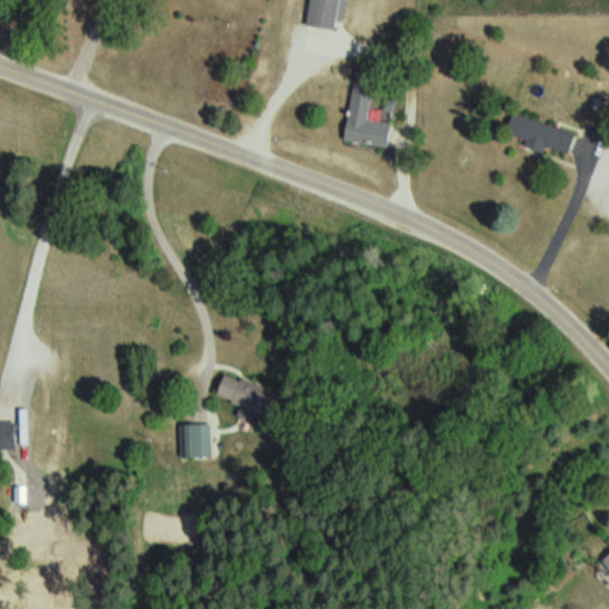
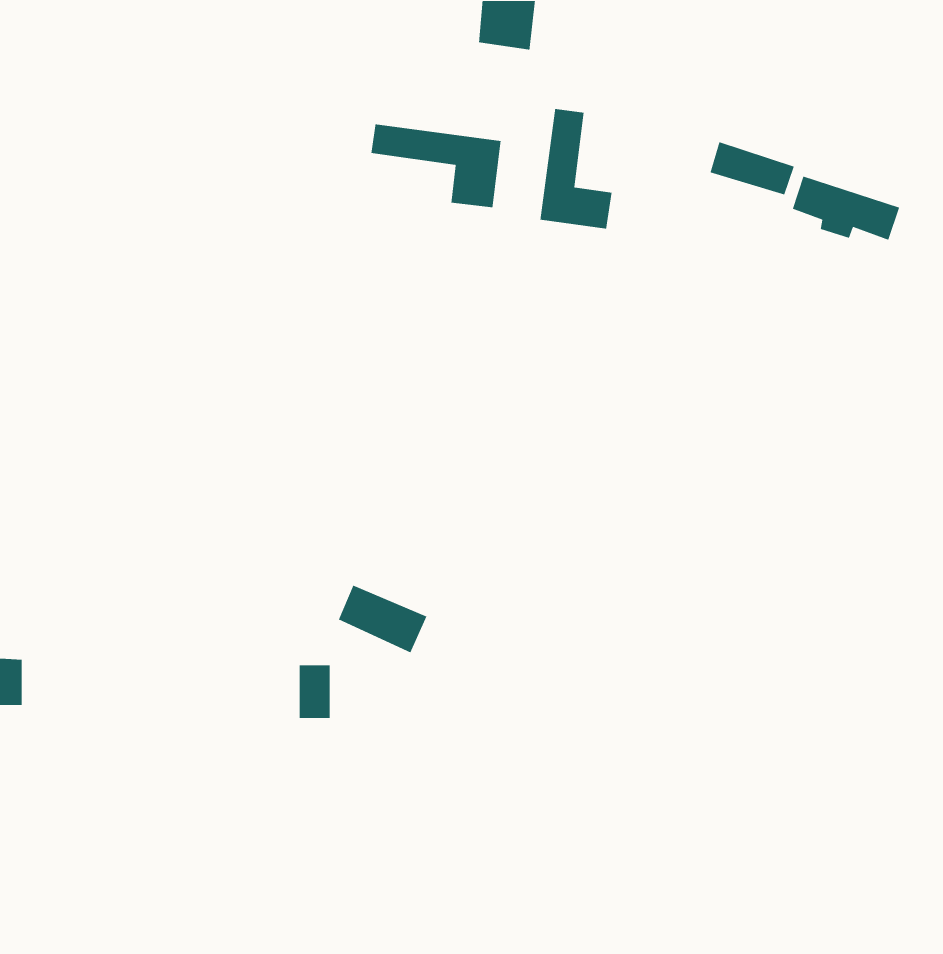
building: none -> [371,124,502,208]
building: none -> [709,141,795,196]

